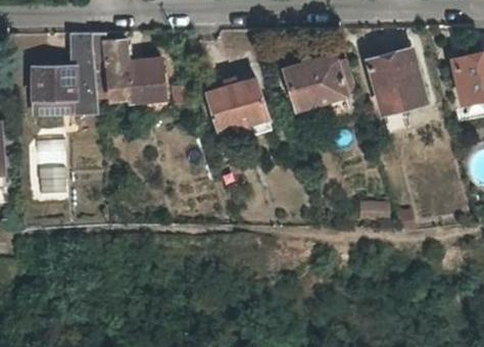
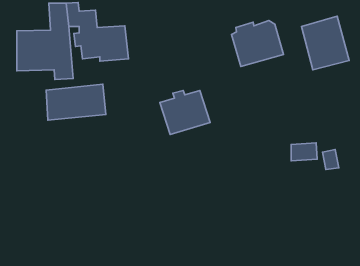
building: [208,79,268,131] -> [160,90,210,135]
building: none -> [46,84,106,120]

